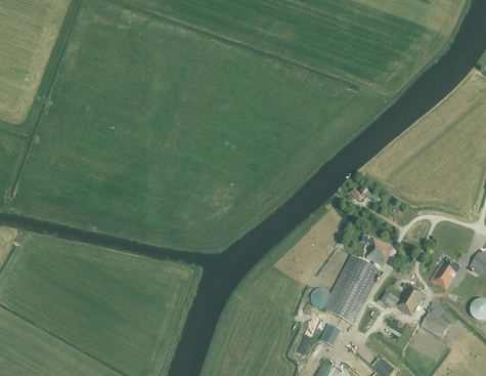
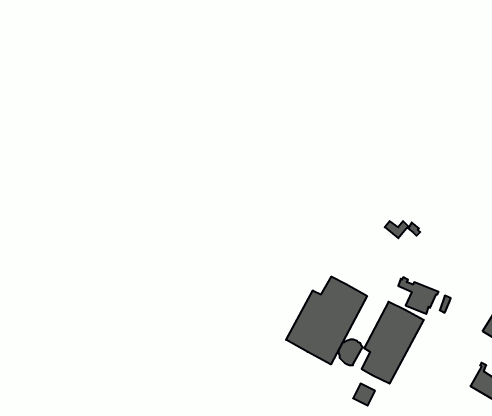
building: none -> [286,277,367,364]
building: [381,283,425,316] -> none

